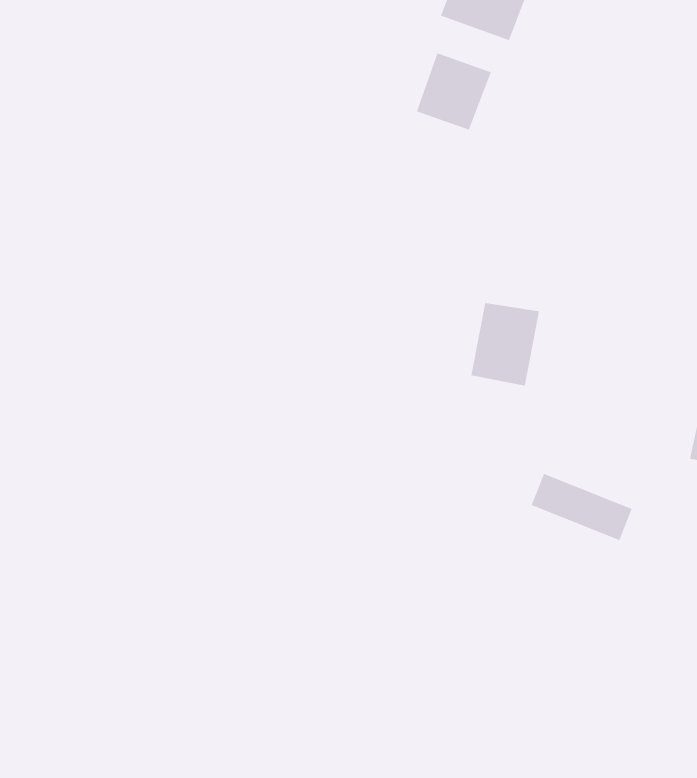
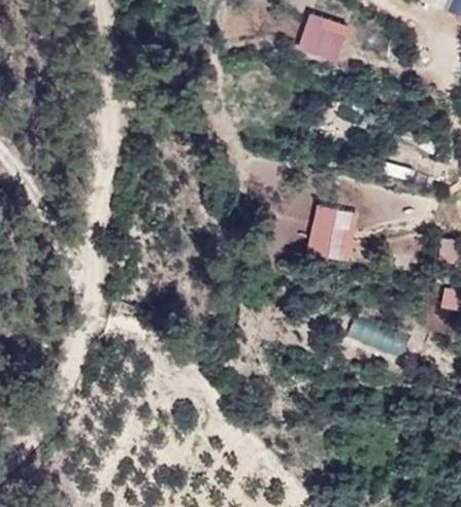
building: [416,52,491,130] -> none

